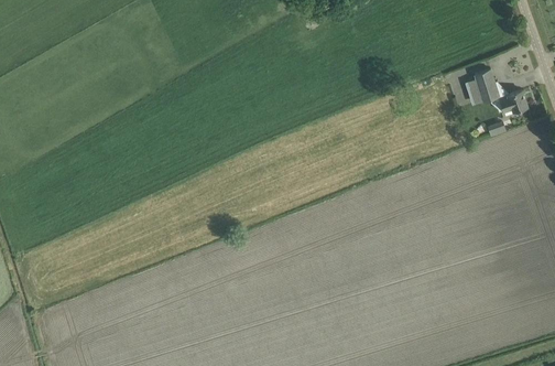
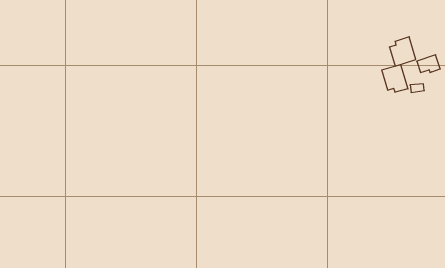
building: none -> [382,65,408,92]

